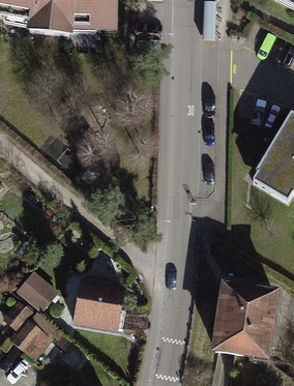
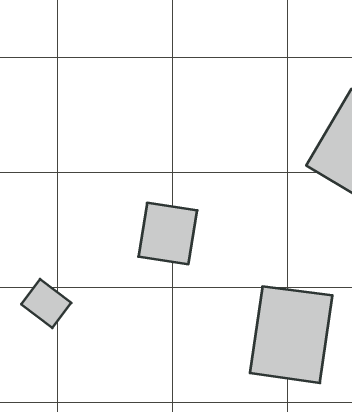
building: [78,277,126,328] -> [138,203,197,264]
building: [13,318,54,358] -> none

